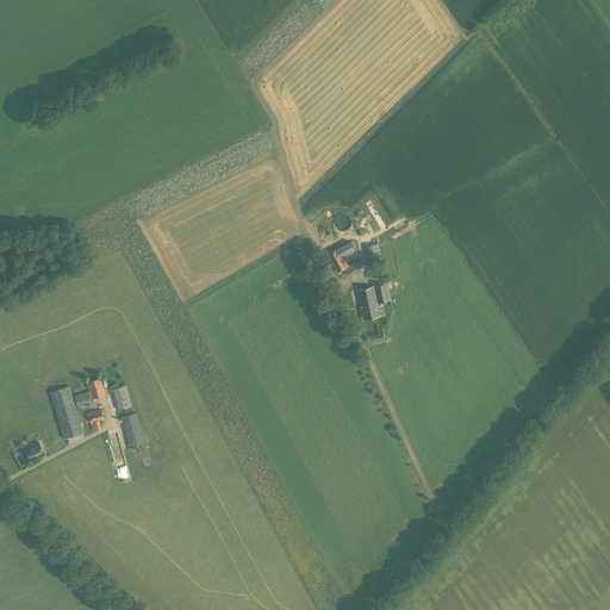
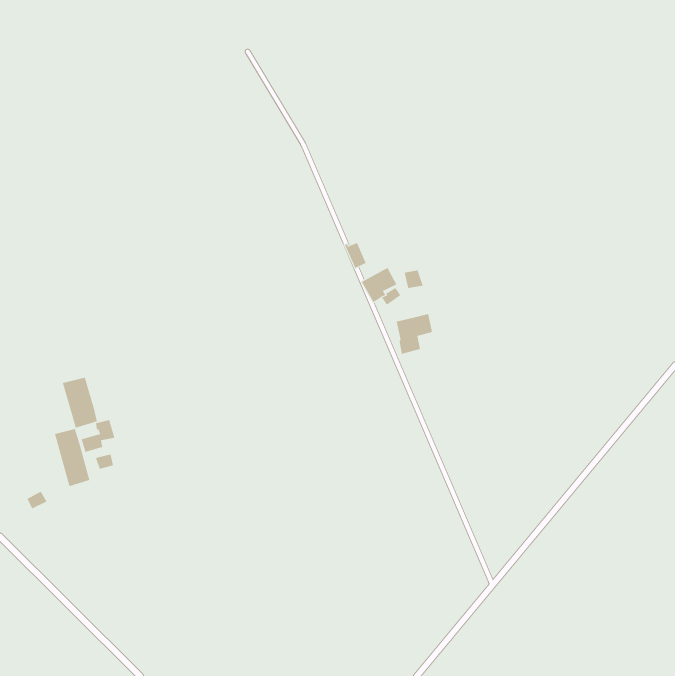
building: none -> [62,377,98,429]
building: [119,412,144,449] -> none

